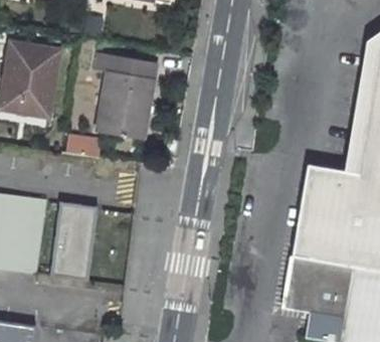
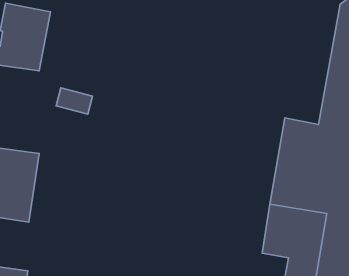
building: [94,51,156,139] -> none
building: [49,202,98,280] -> none

